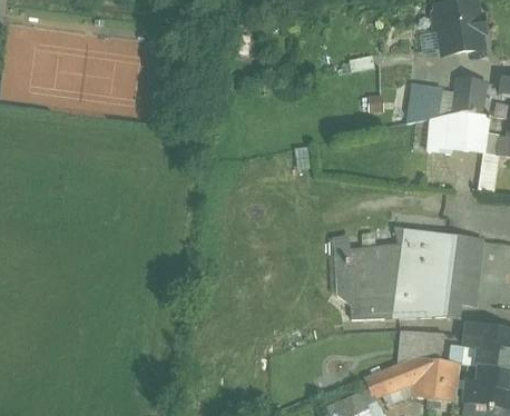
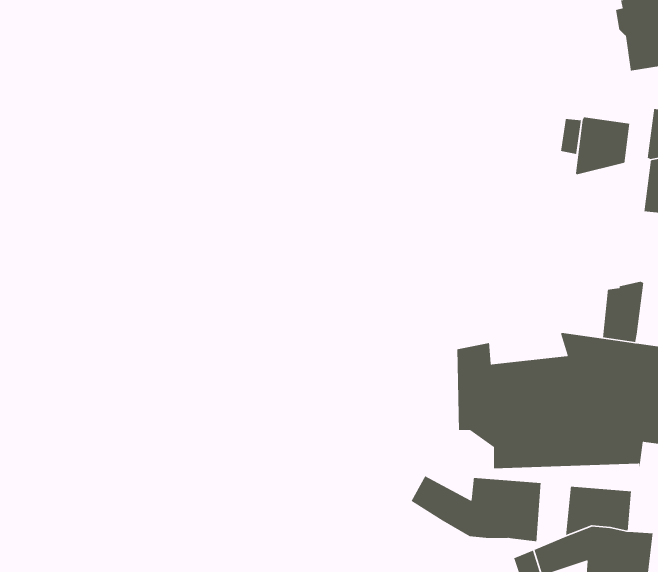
building: [429,111,457,152] -> [602,281,644,343]
building: none -> [411,475,541,542]

